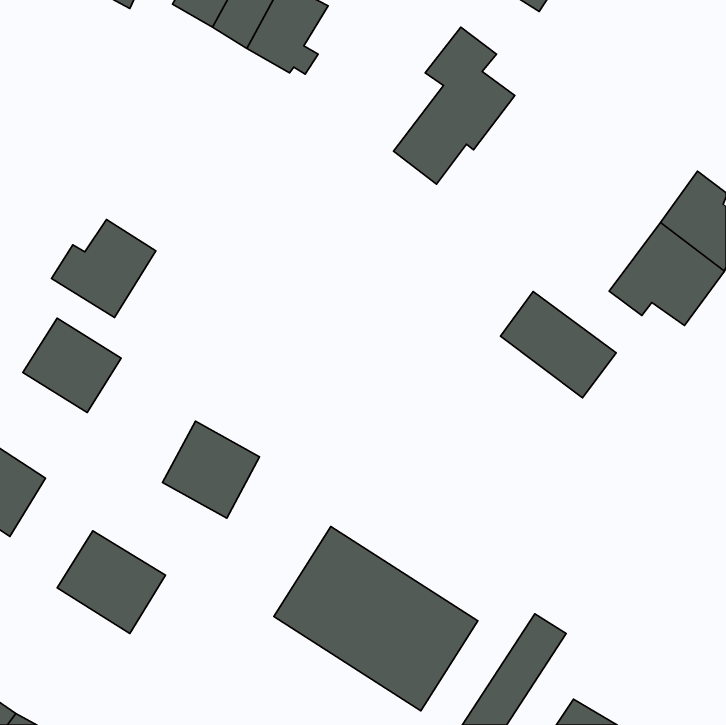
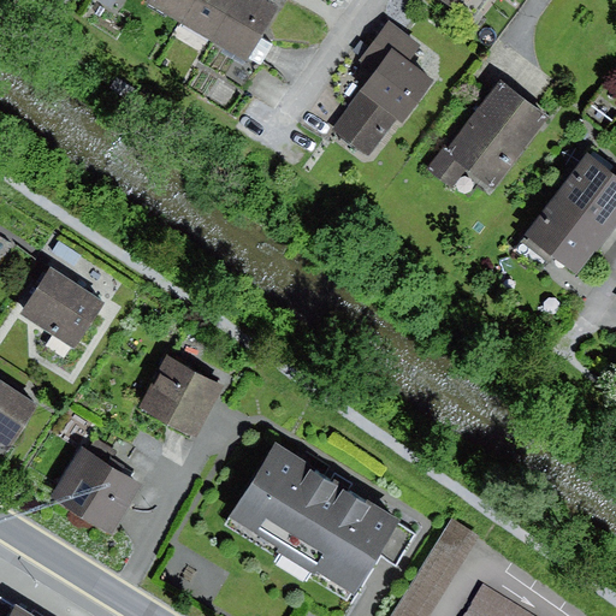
building: none -> [421,82,545,189]
building: [52,220,156,318] -> none
building: [501,292,616,398] -> none

